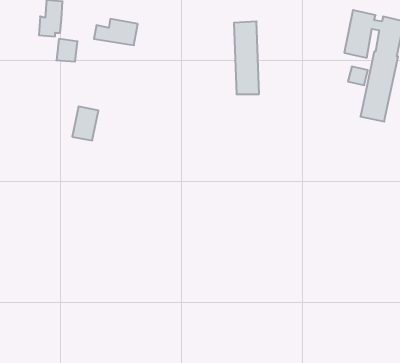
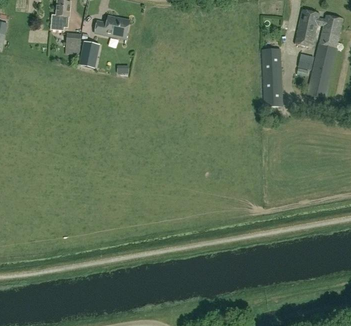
building: [234,21,259,94] -> [262,48,282,106]
building: [72,107,98,140] -> [79,41,100,68]

